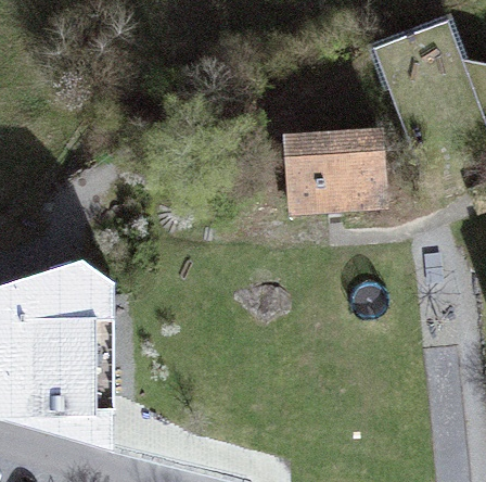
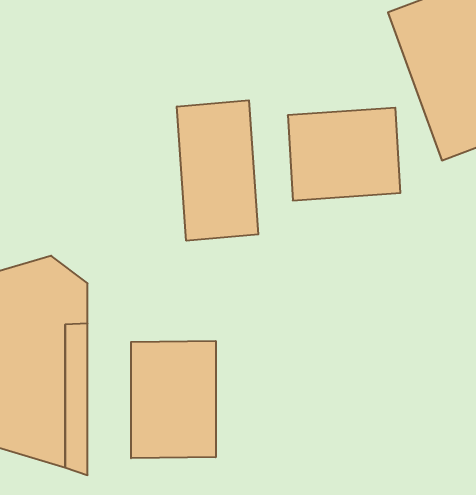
building: none -> [177,100,258,241]
building: none -> [131,341,216,458]

